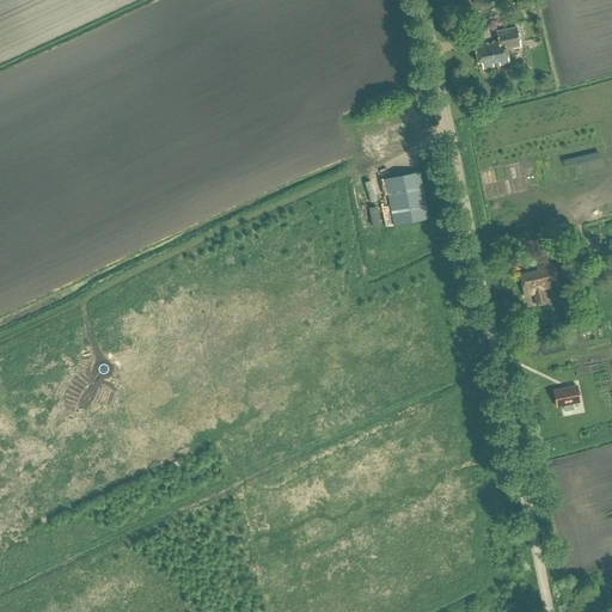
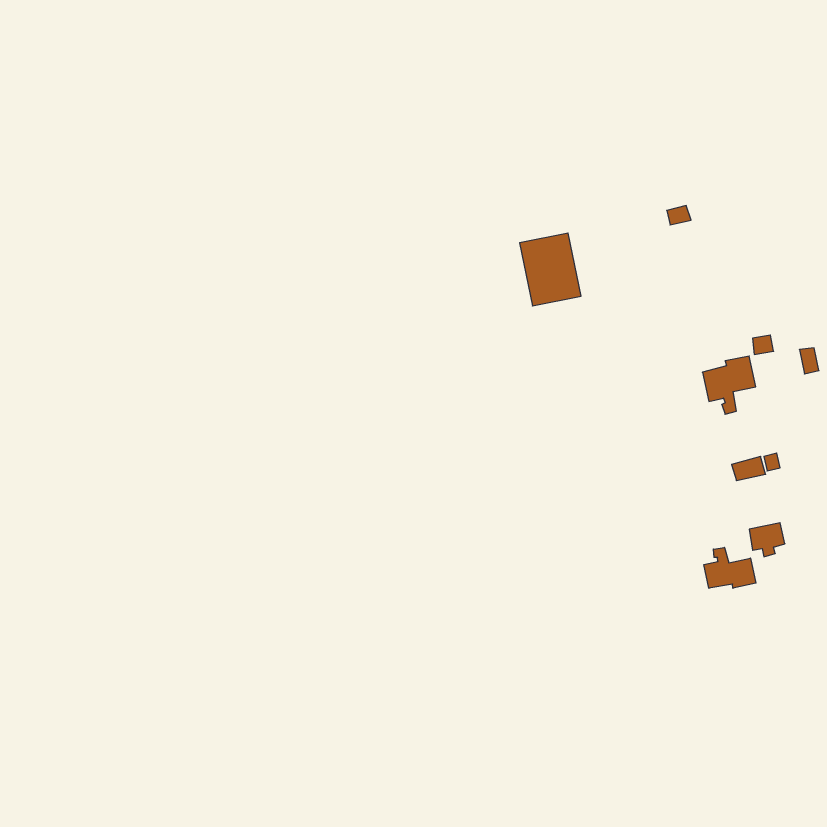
building: [473,27,520,68] -> none
building: none -> [704,547,756,588]

